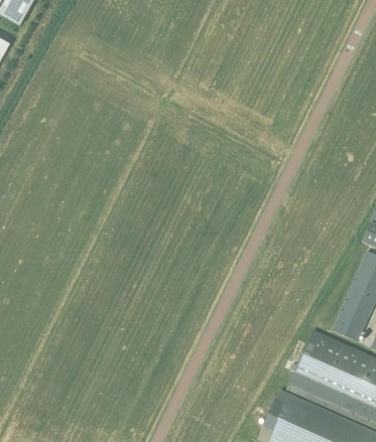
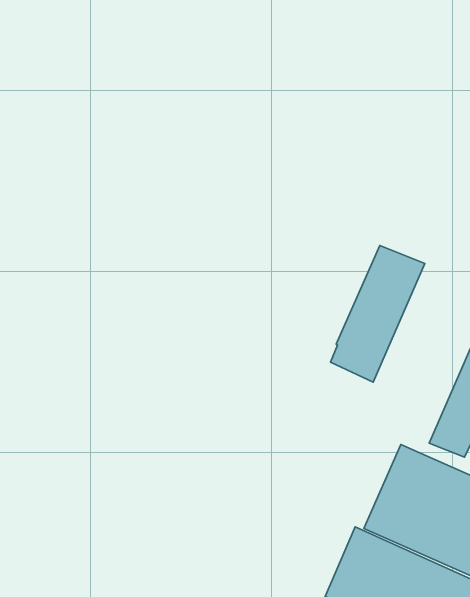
building: none -> [330,246,425,382]

